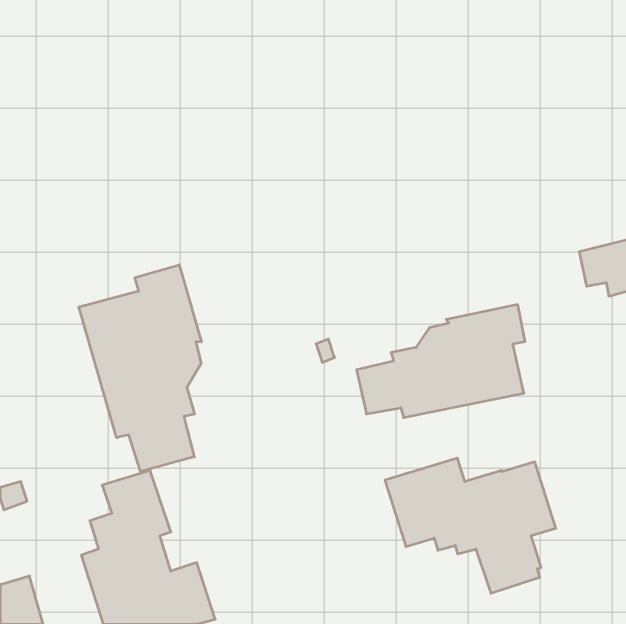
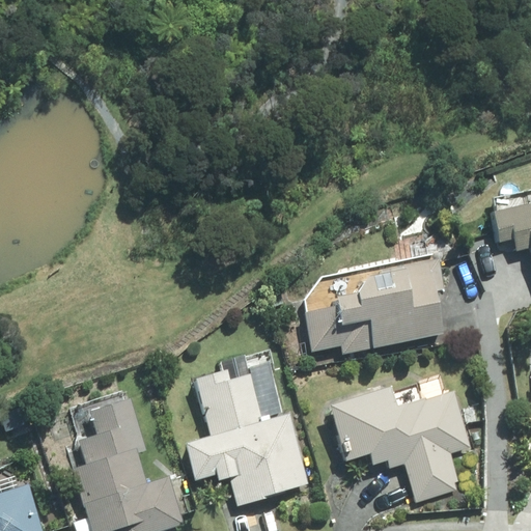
building: [79,265,201,472] -> none
building: none -> [184,369,308,505]

